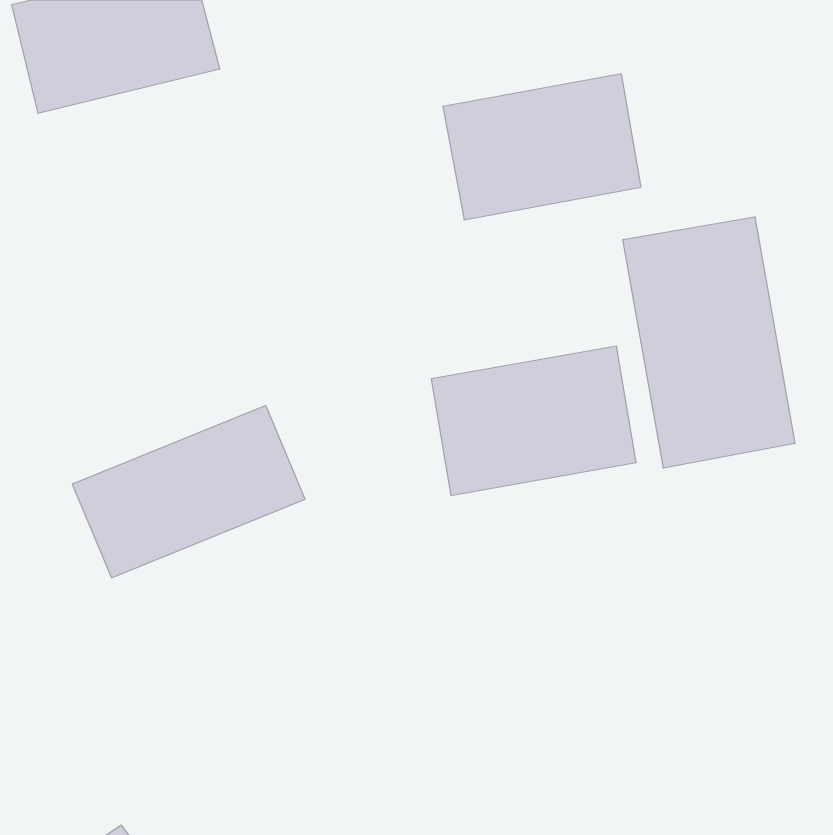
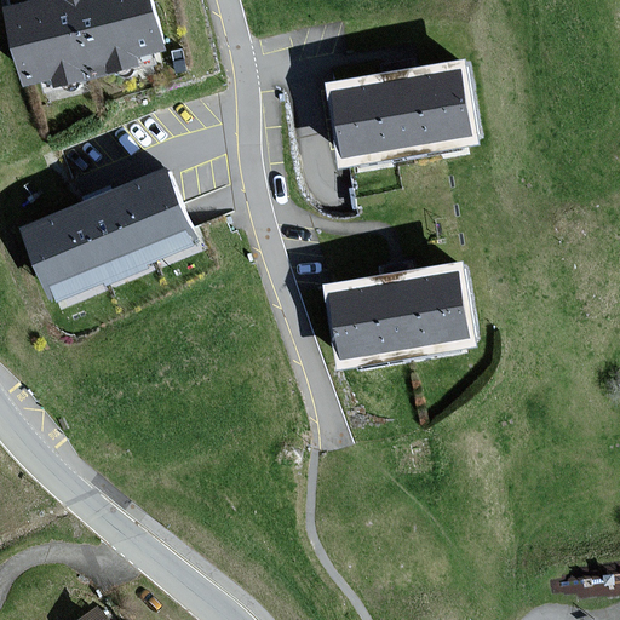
building: [623,217,795,468] -> none
building: [72,406,305,578] -> [22,171,194,298]

